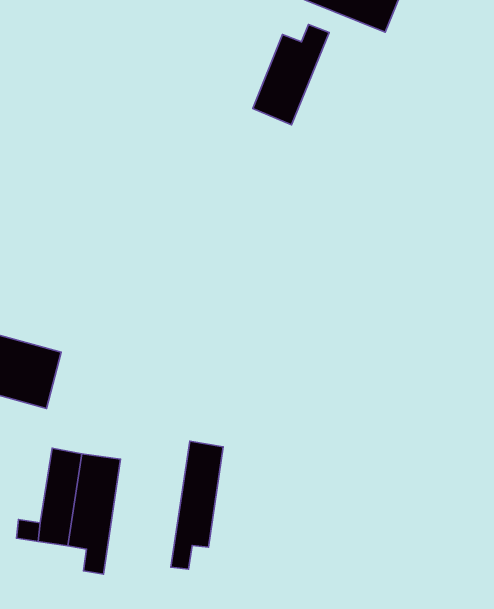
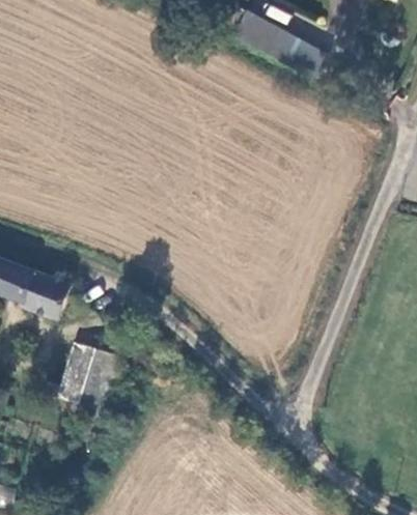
building: [253,24,329,125] -> none
building: [171,441,223,569] -> none

